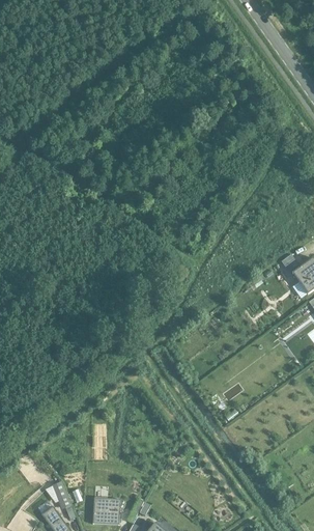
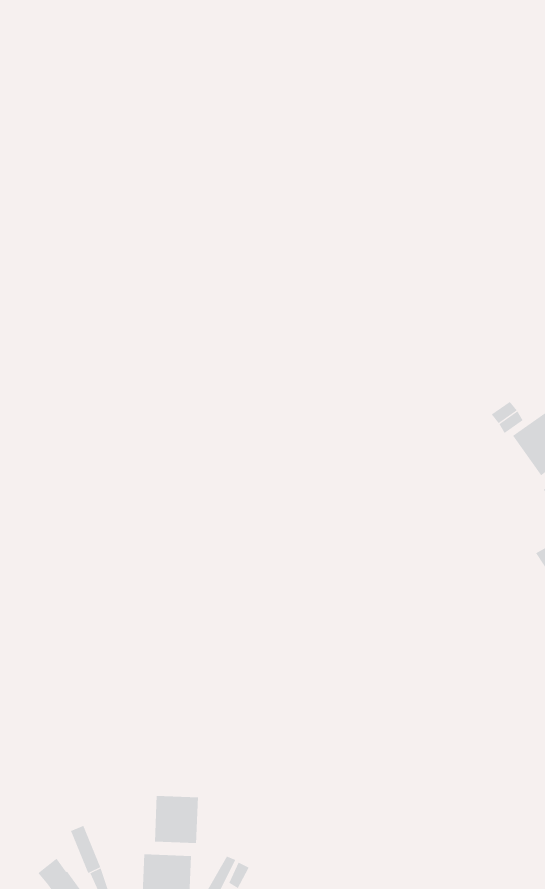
building: none -> [154,795,198,844]

